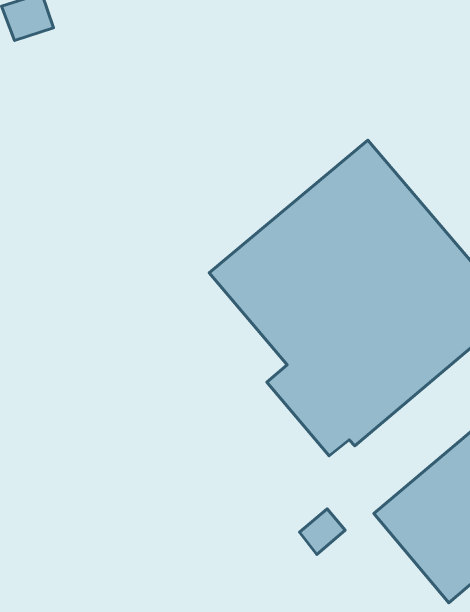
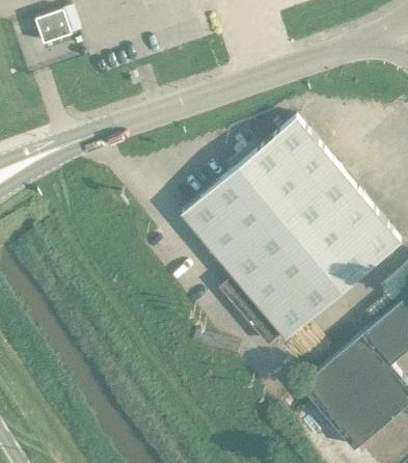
building: [299,509,345,555] -> none

